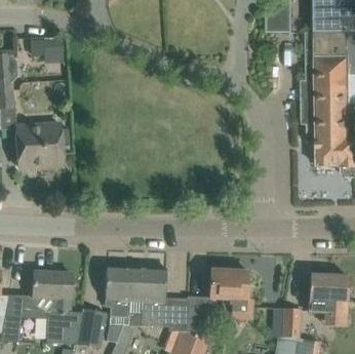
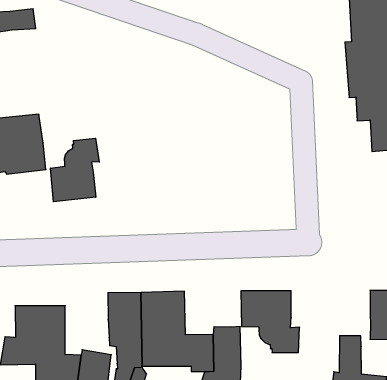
building: none -> [51,138,99,202]

